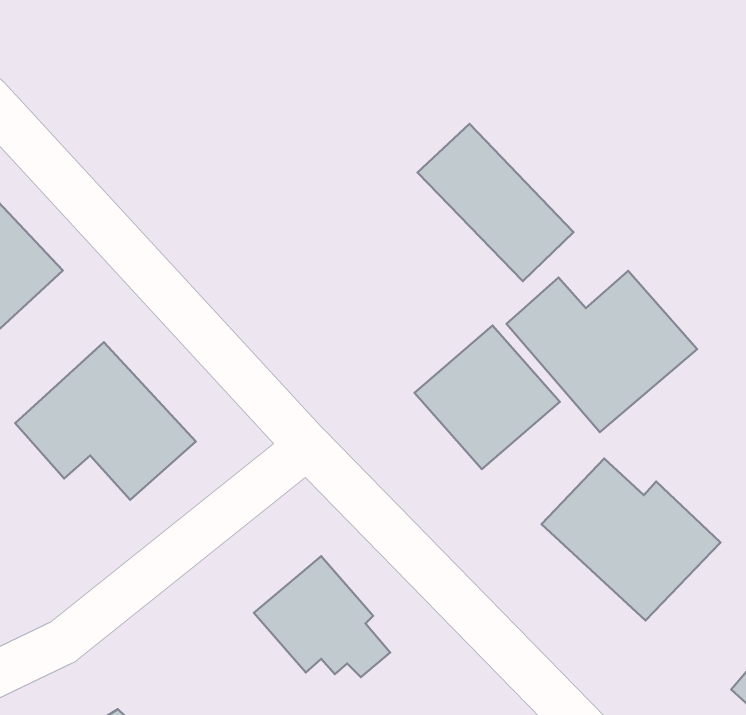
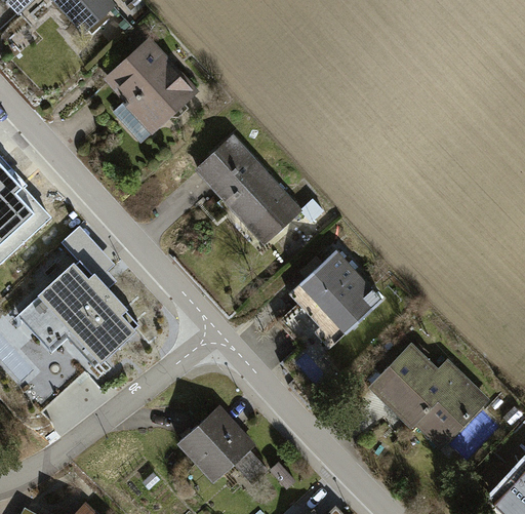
building: none -> [104,37,196,143]
building: [417,124,573,281] -> [195,137,299,243]
building: [506,271,697,432] -> none

